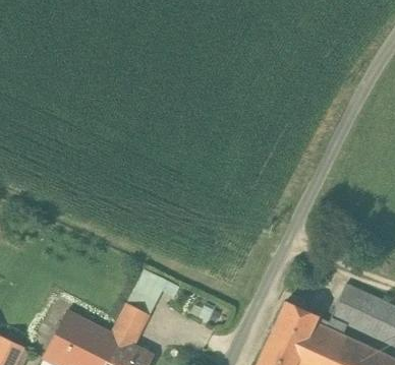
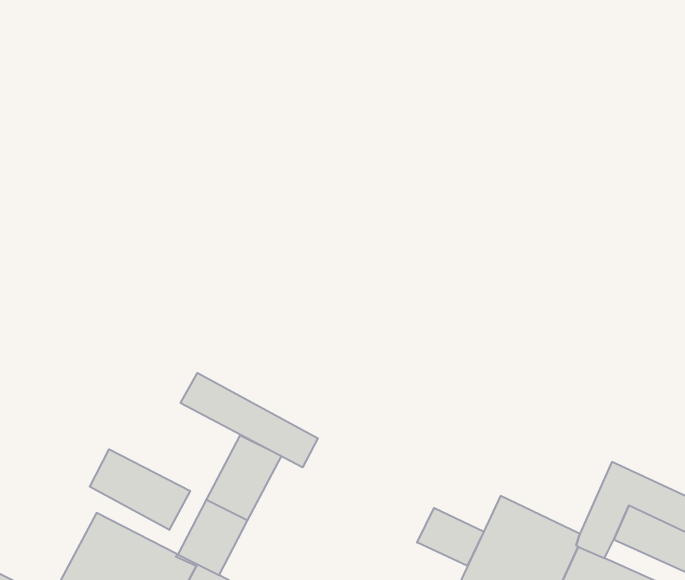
building: none -> [181,373,318,467]
building: none -> [90,449,190,530]
building: none -> [417,508,484,566]

